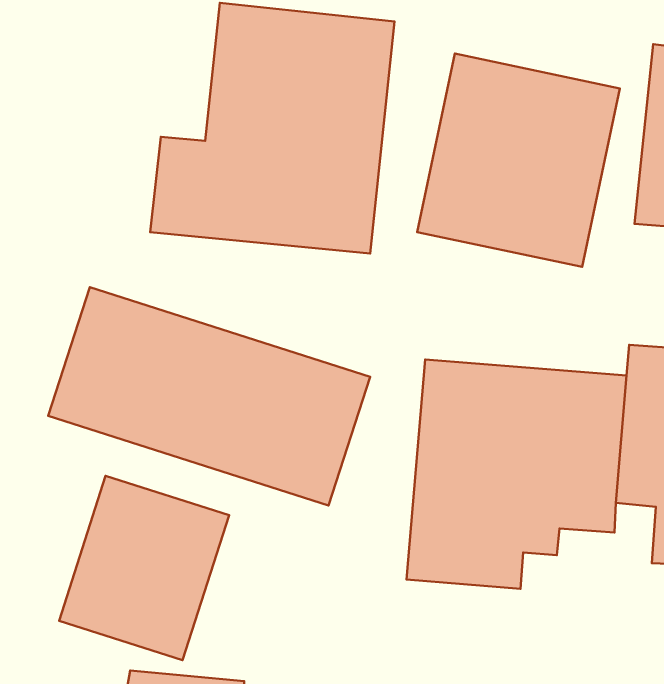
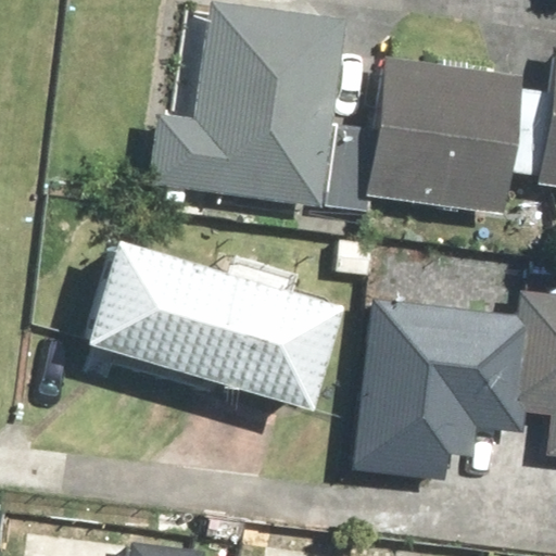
building: [59,476,229,660] -> none

